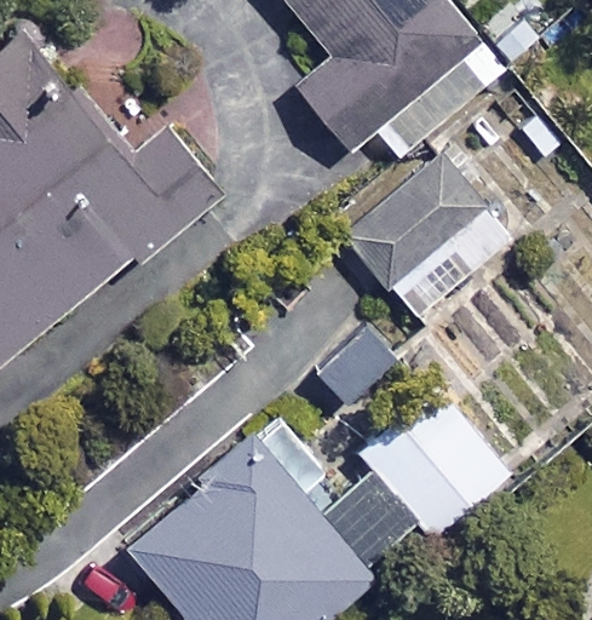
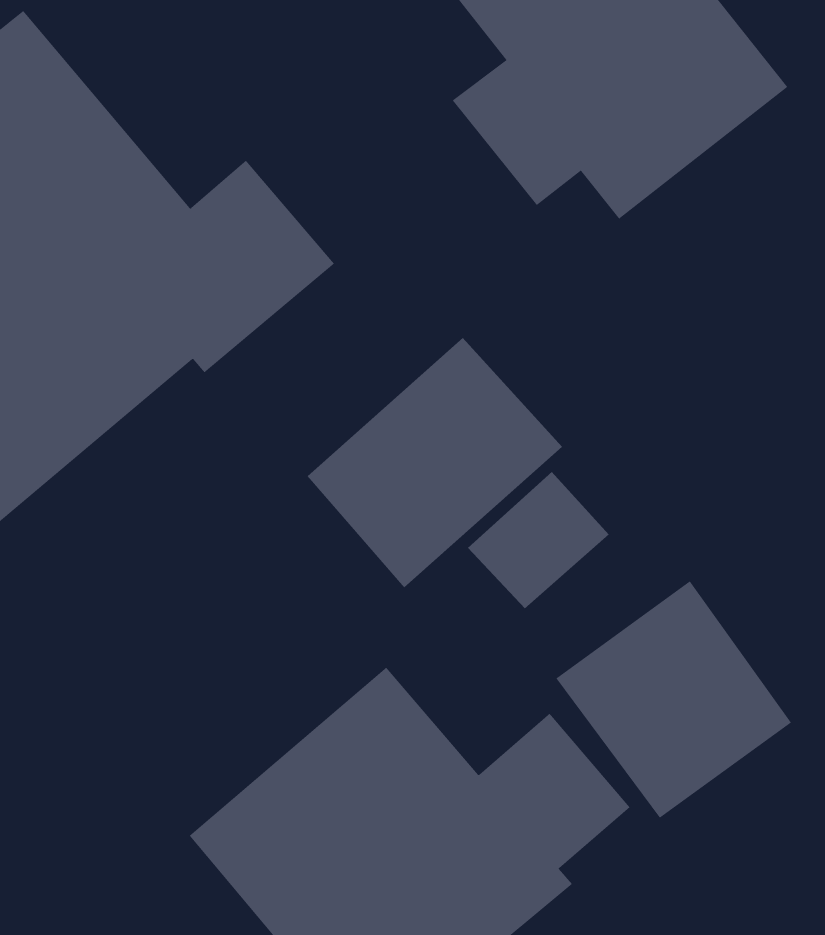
building: [343,151,513,322] -> none
building: none -> [307,337,563,588]

